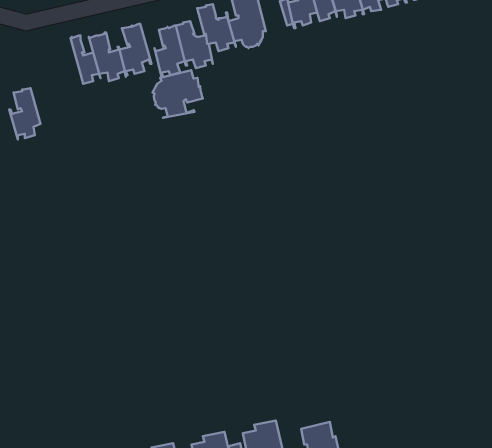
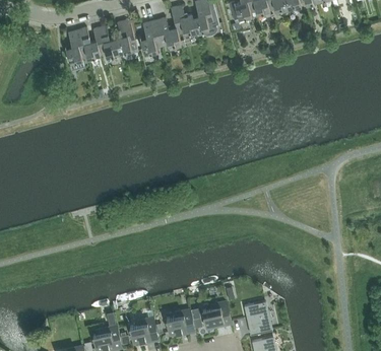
building: [153,70,203,118] -> none
building: [9,88,41,140] -> [64,29,86,66]

